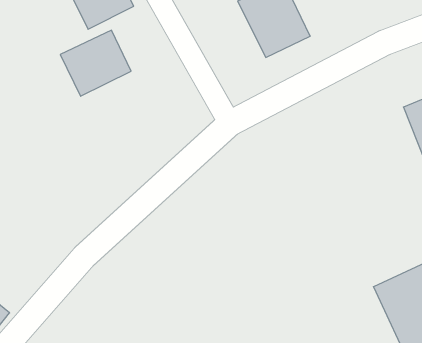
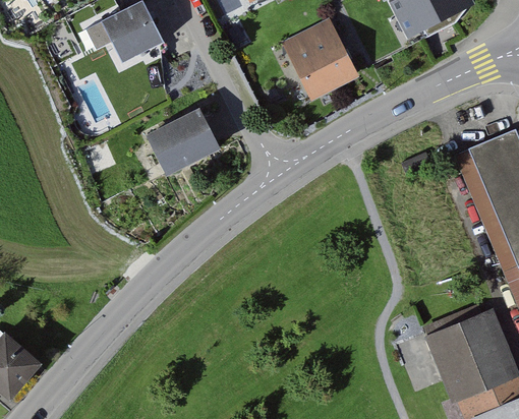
building: [60,30,131,96] -> [149,109,223,178]

